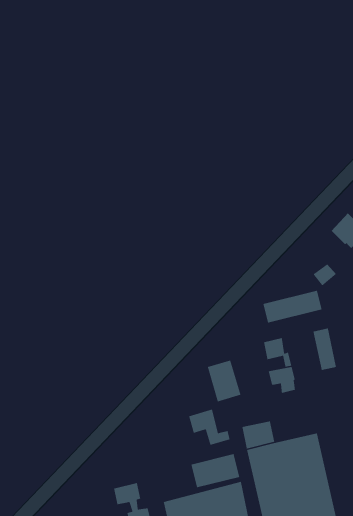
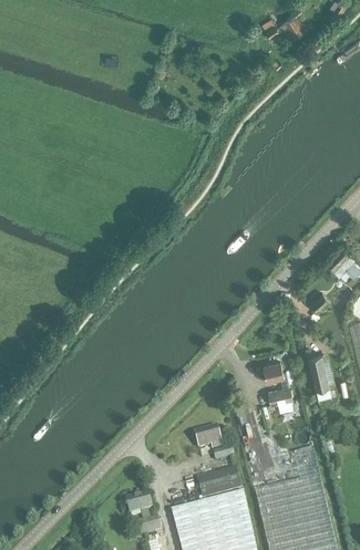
building: [262,290,322,324] -> none
building: [207,360,241,402] -> none

